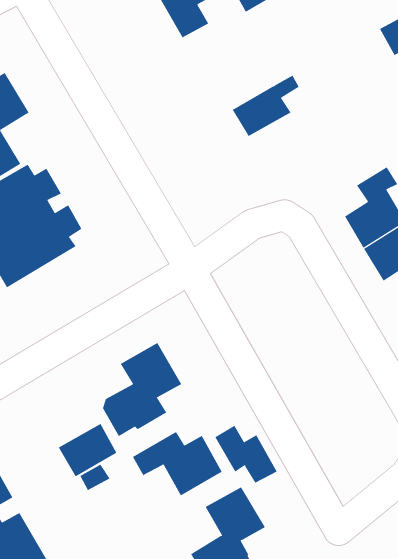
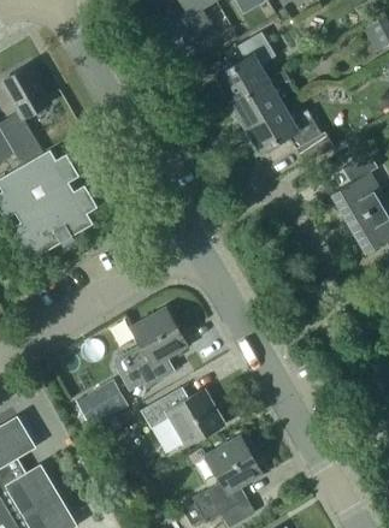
building: none -> [216,32,276,101]
building: none -> [244,103,320,152]
building: [215,425,278,484] -> none

